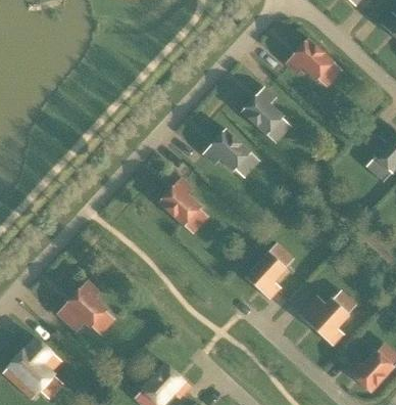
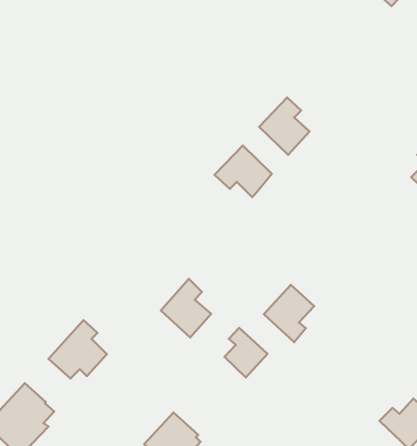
building: [287,39,336,83] -> none
building: [159,176,203,227] -> [161,279,211,337]
building: none -> [224,328,267,378]
building: [301,297,353,347] -> none

